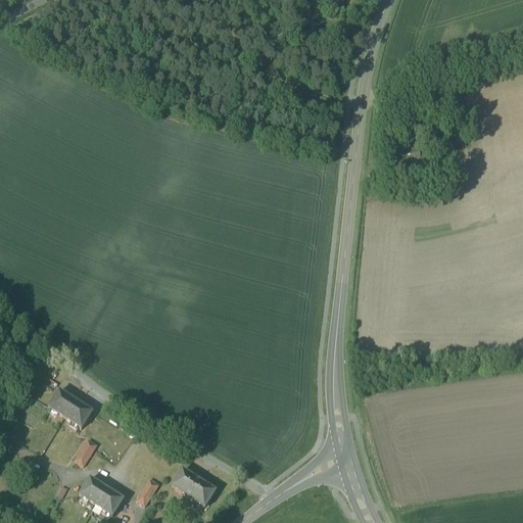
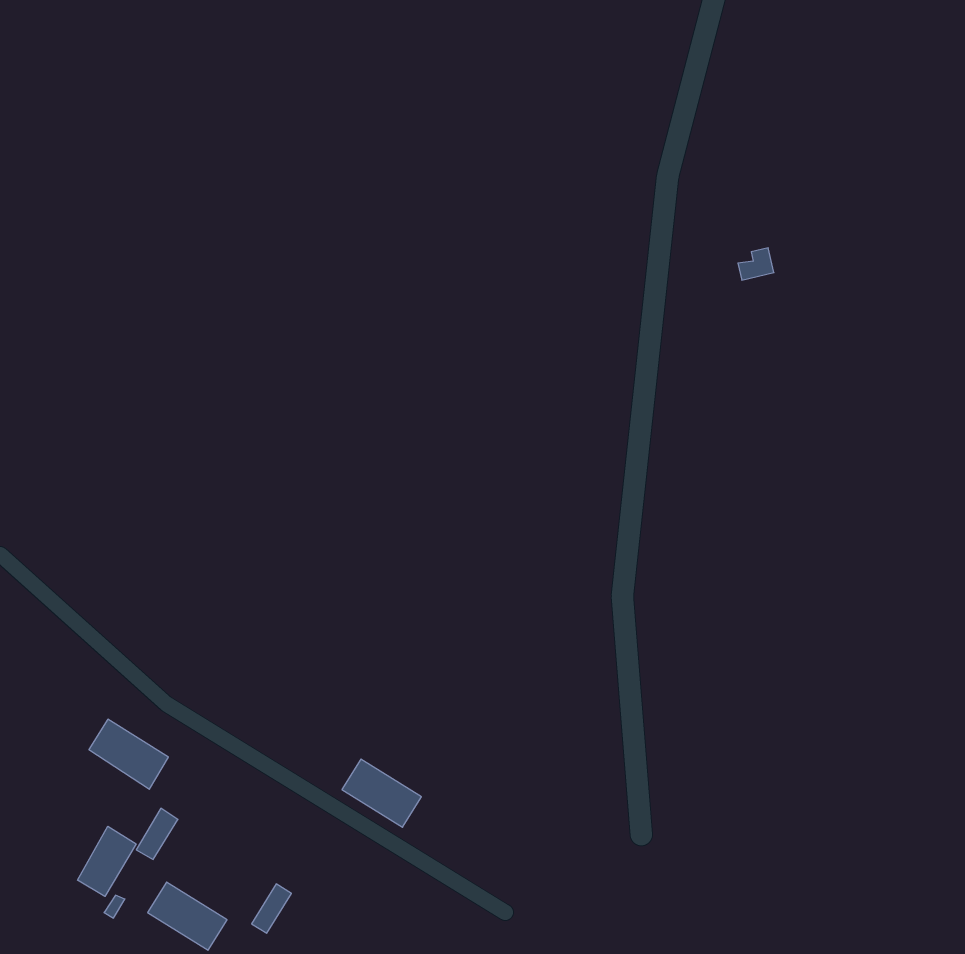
building: none -> [78,826,136,896]
building: [173,467,216,504] -> [342,759,421,827]

